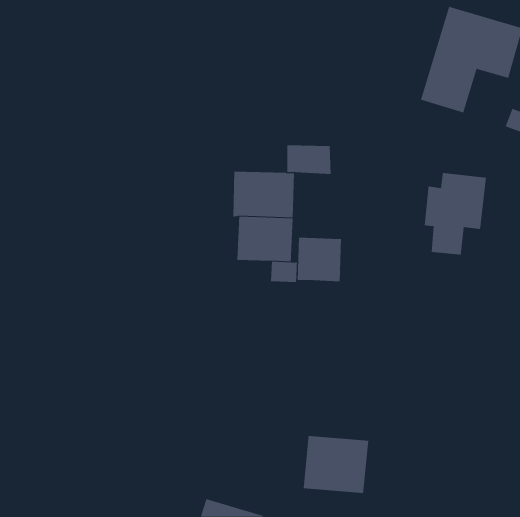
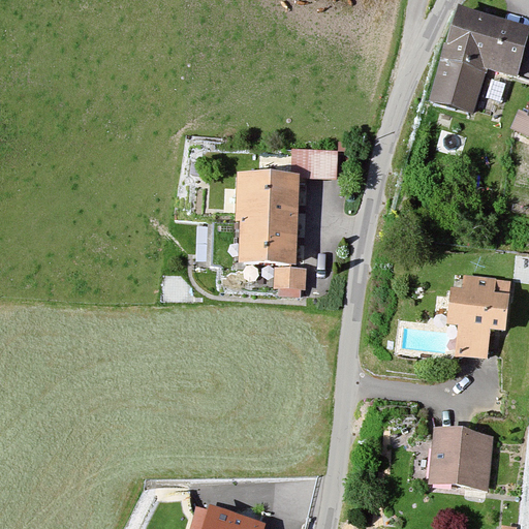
building: [424,172,487,255] -> [447,274,511,357]
building: [297,237,341,282] -> none
building: [303,435,369,493] -> [427,428,494,487]

